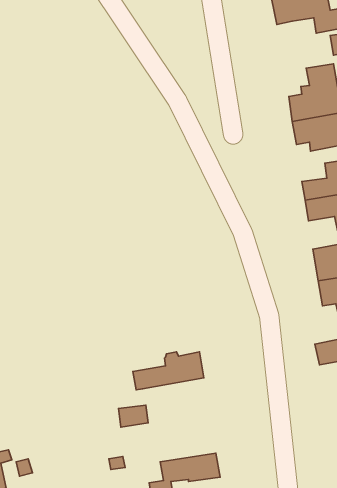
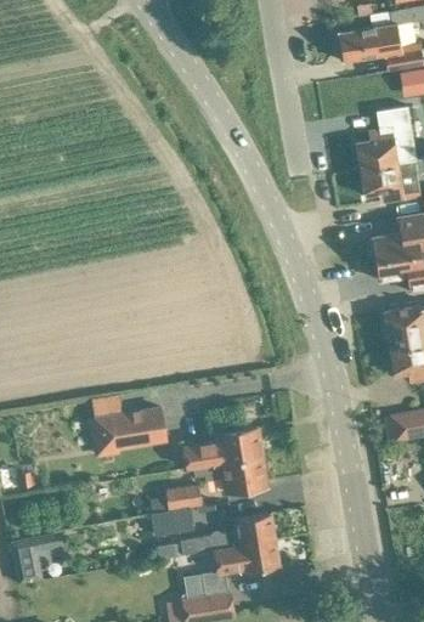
building: none -> [90,408,165,447]
building: none -> [193,456,265,492]
building: none -> [151,508,192,537]
building: none -> [179,514,275,554]

